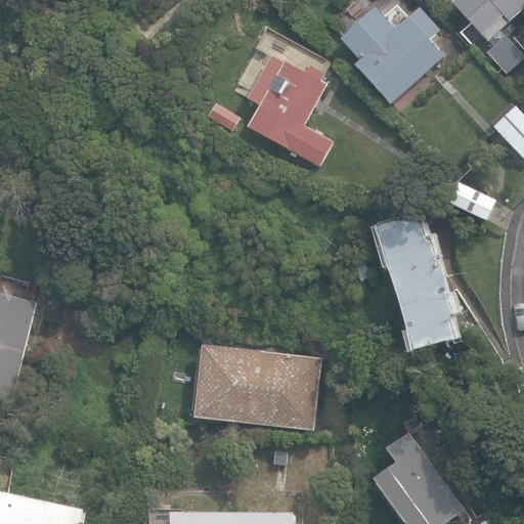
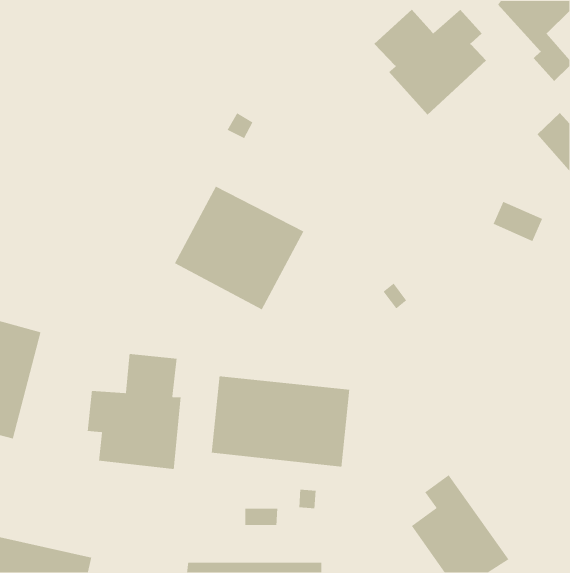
building: [247,55,334,168] -> none
building: none -> [174,185,304,310]
building: [379,219,455,351] -> none
building: none -> [87,353,181,470]

